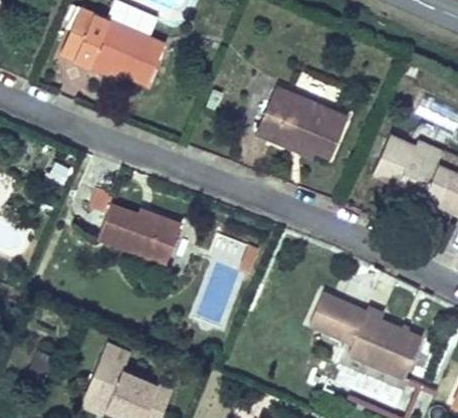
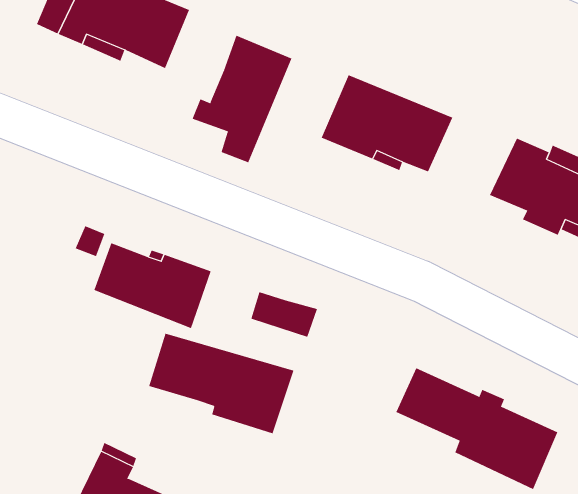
building: none -> [192,35,292,163]
building: none -> [148,333,294,434]

